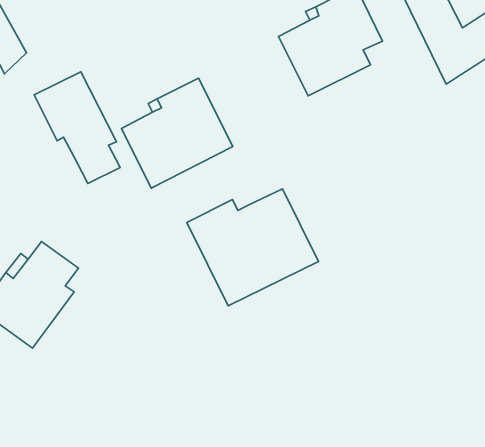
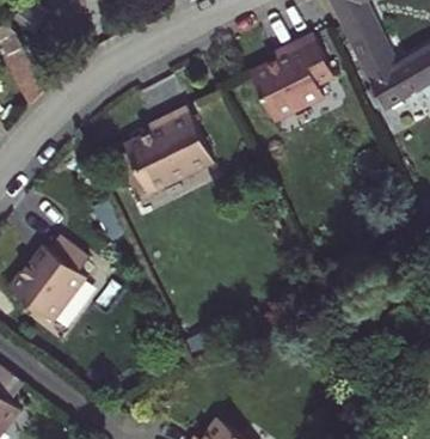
building: [34,72,120,184] -> none
building: [187,189,319,306] -> none

